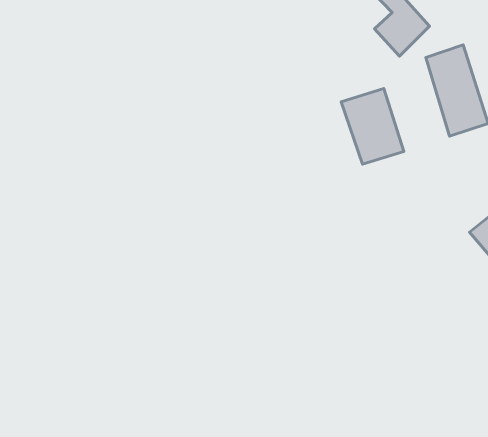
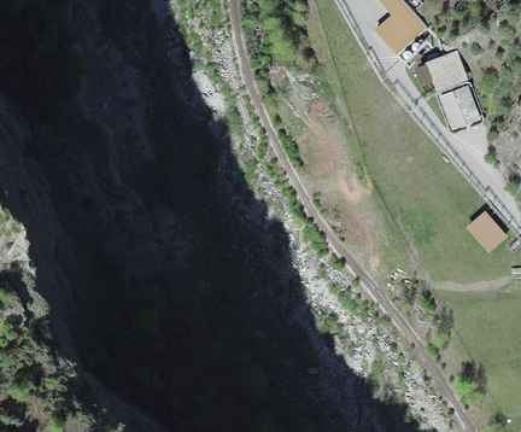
building: [341,89,404,164] -> none

